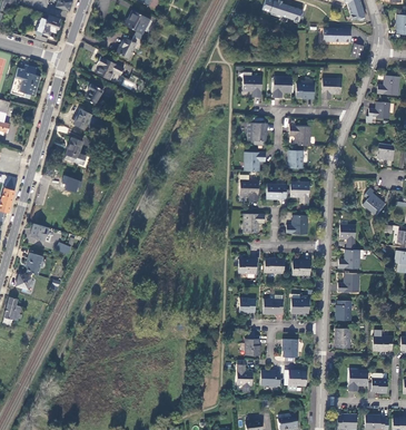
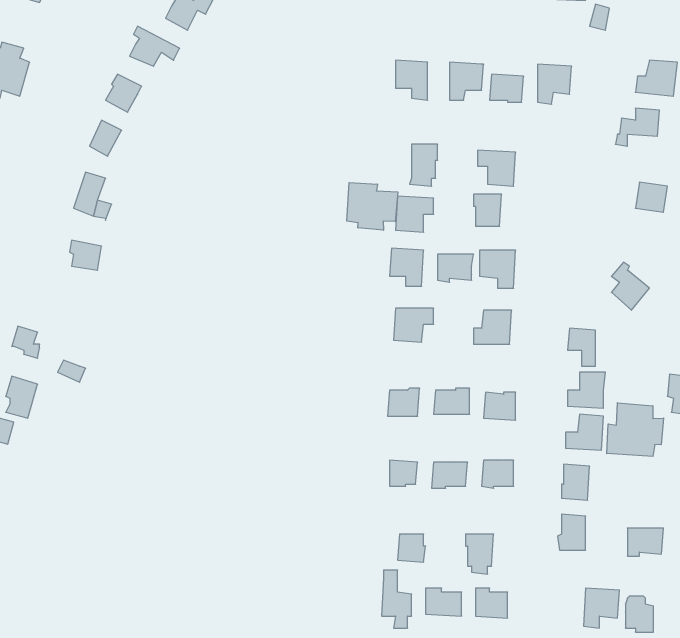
building: none -> [347,183,398,230]
building: none -> [607,403,664,456]

